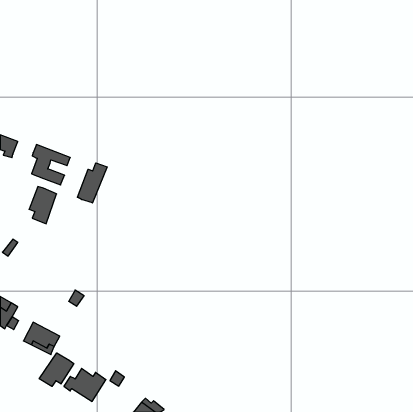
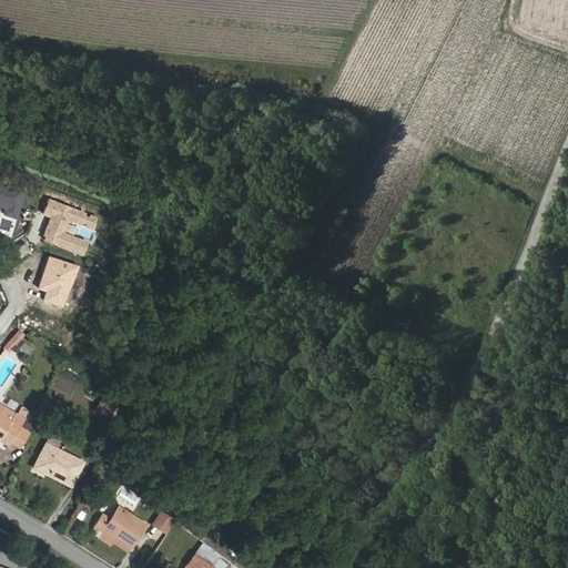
building: [77,163,107,203] -> none
building: [39,353,74,386] -> none

